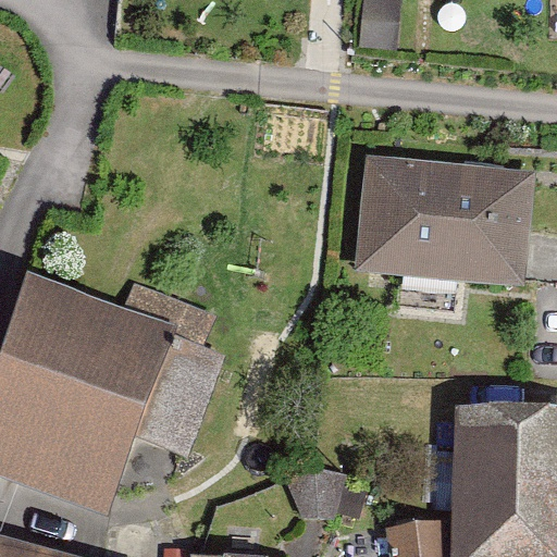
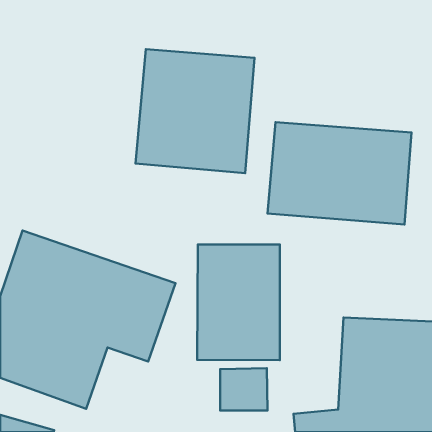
building: none -> [136,49,255,173]
building: none -> [197,244,280,360]

